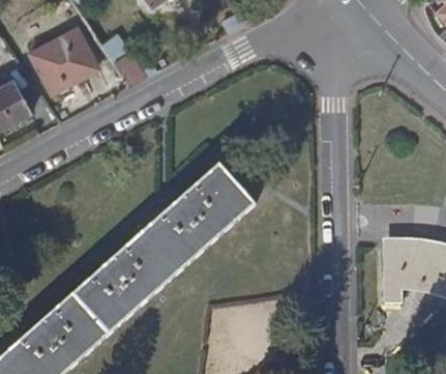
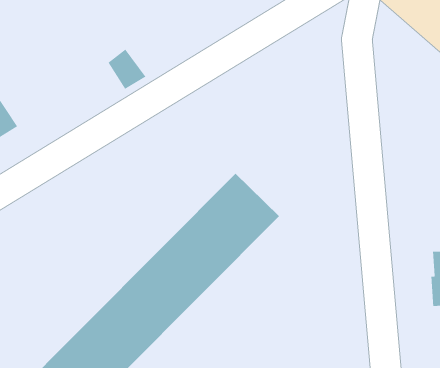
building: [32,28,98,92] -> none

